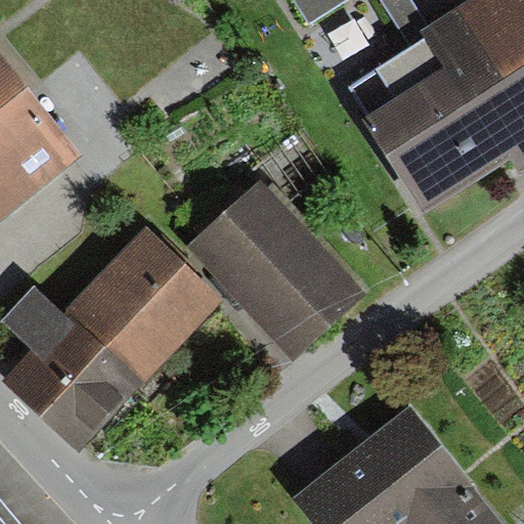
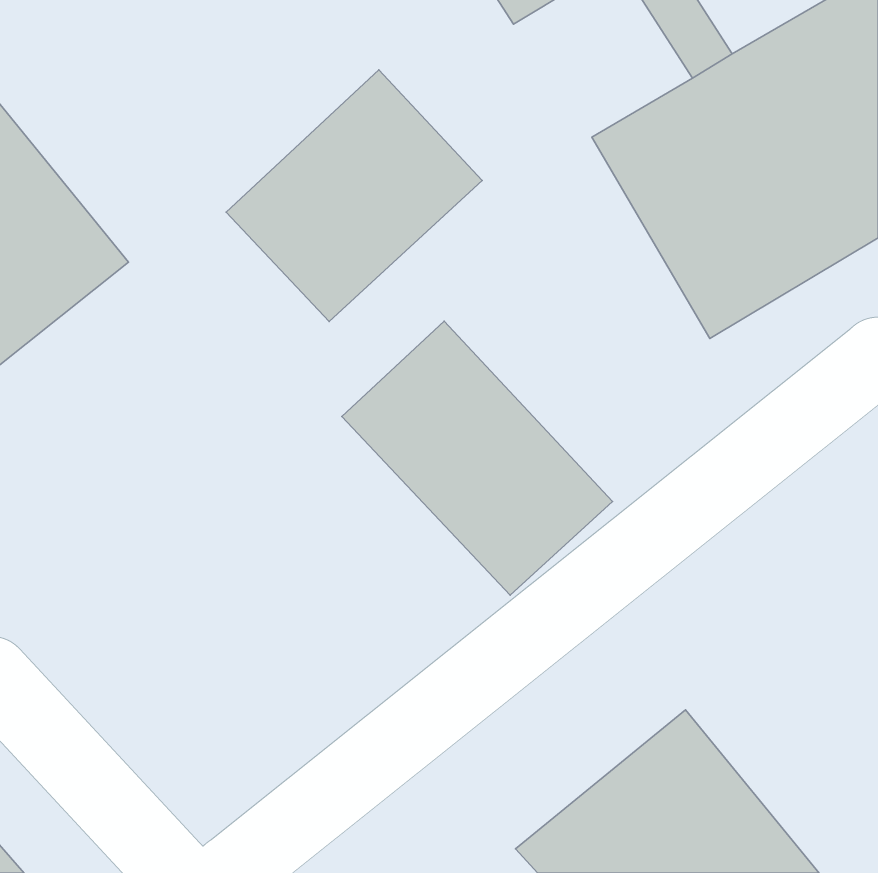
building: none -> [226,70,482,321]
building: [10,234,219,444] -> none

